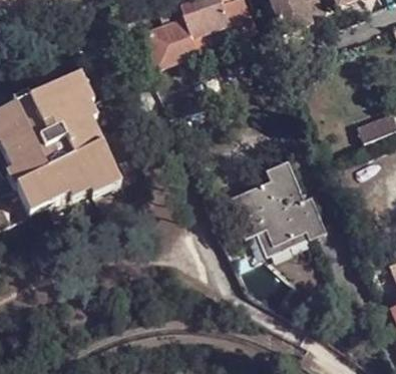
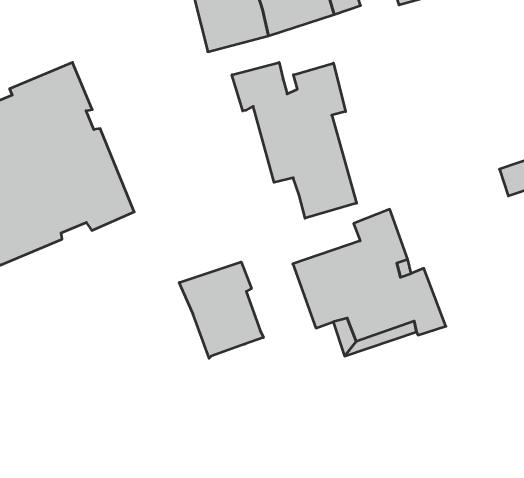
building: none -> [232,62,357,218]
building: none -> [179,262,263,358]

